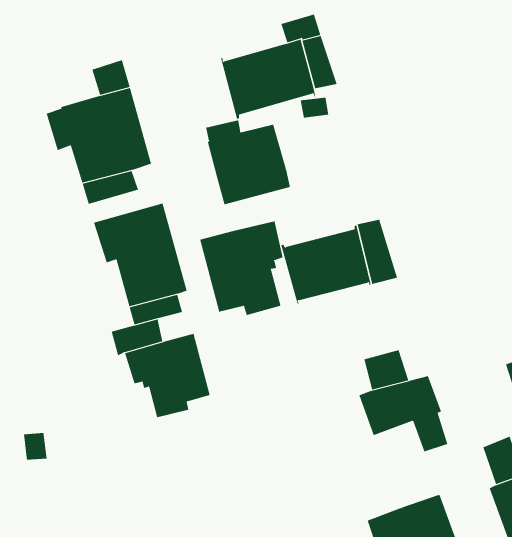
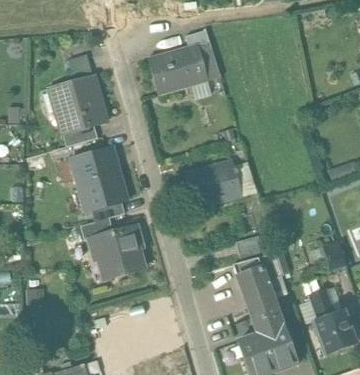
building: [206,119,290,205] -> none
building: [199,220,283,316] -> none
building: none -> [242,281,282,334]

